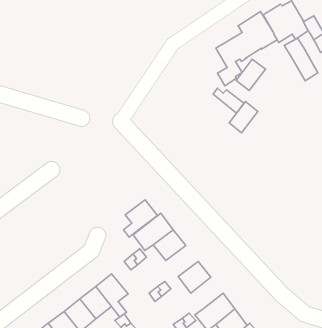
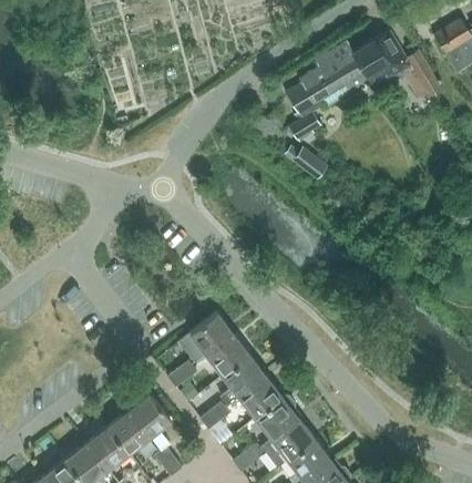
building: [284,38,318,81] -> none
building: [236,59,265,90] -> none
building: [229,101,258,133] -> none
building: [123,200,158,237] -> [219,356,265,405]
building: none -> [255,395,298,440]

